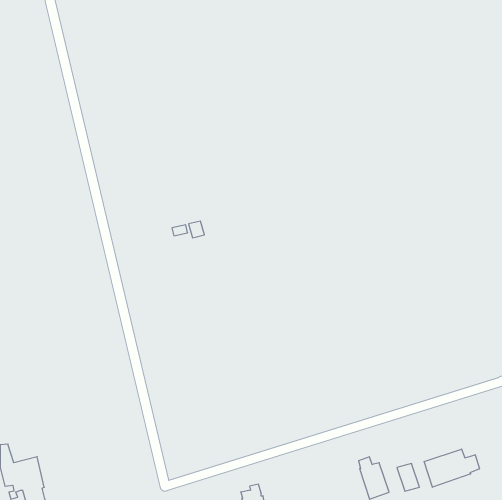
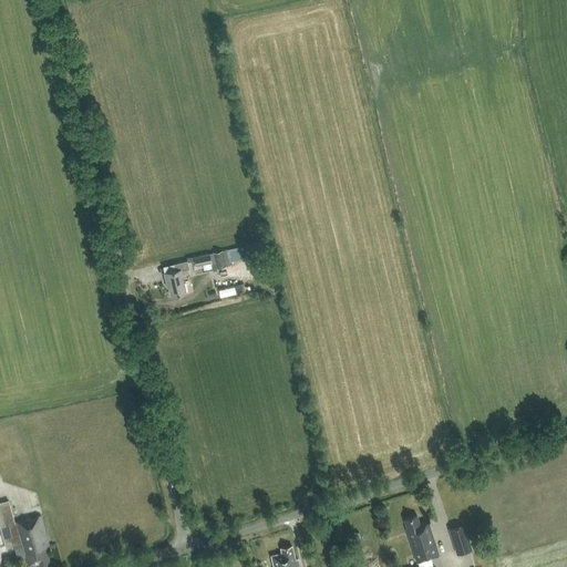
building: none -> [164,262,189,298]
building: [424,449,479,487] -> none

